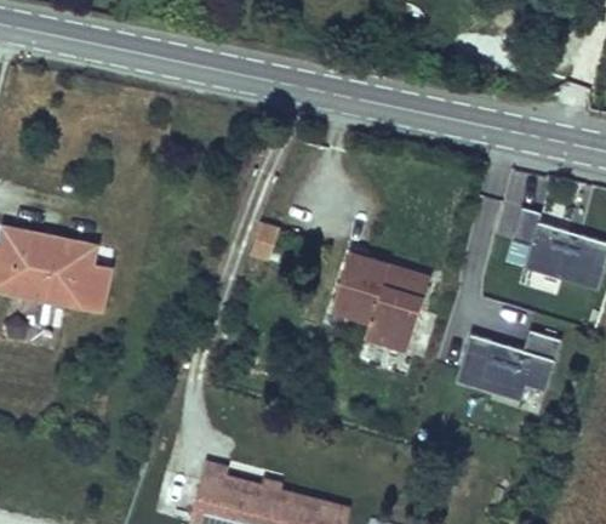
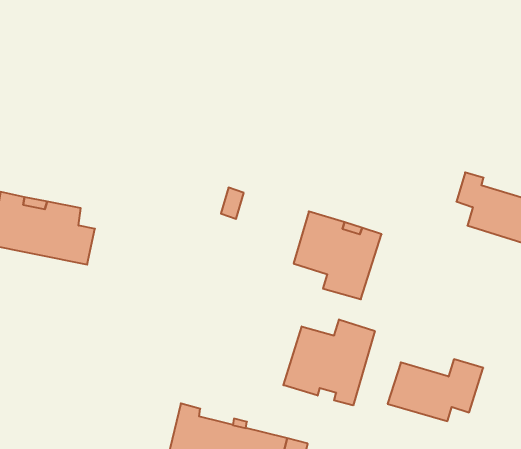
building: [457,330,564,399] -> [388,359,483,421]
building: none -> [283,319,375,405]

